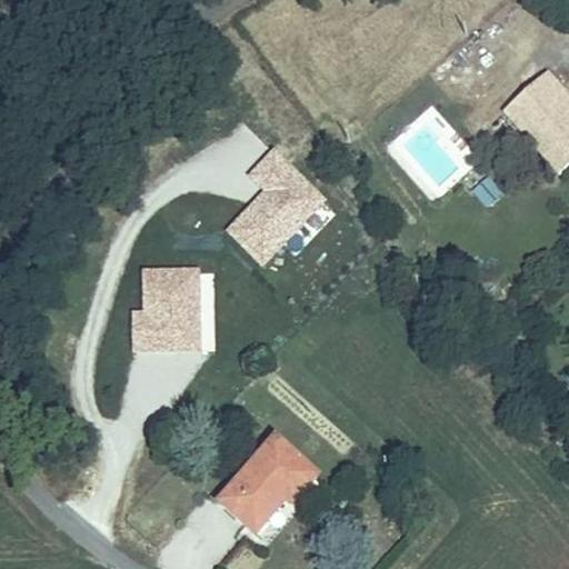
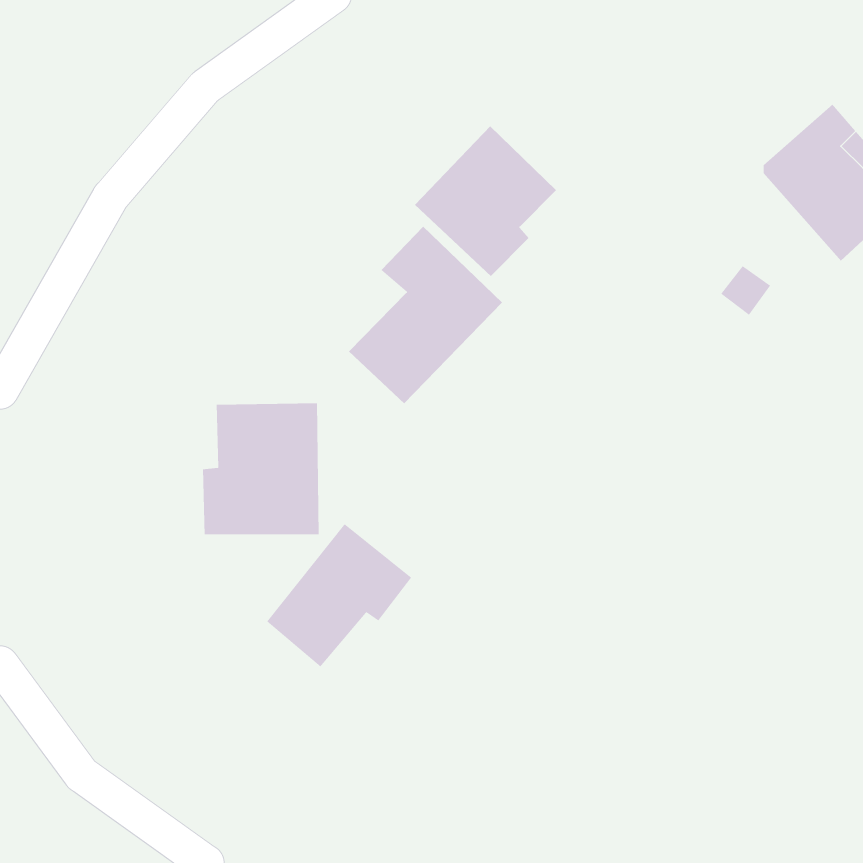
building: none -> [414,126,557,277]
building: [212,438,308,532] -> [266,523,412,667]

